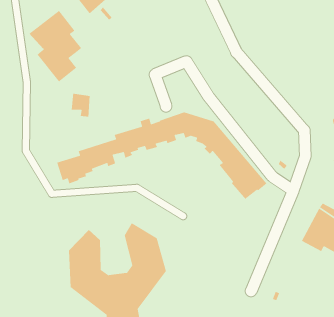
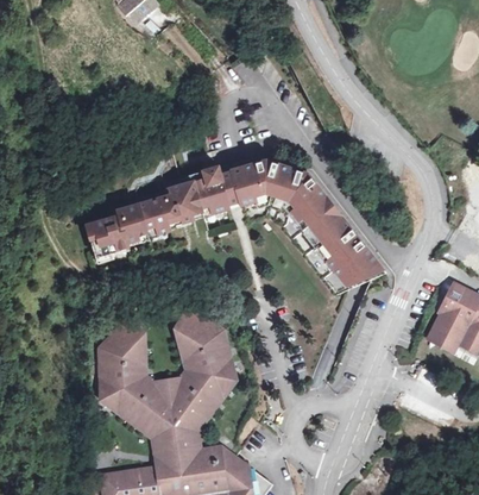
building: [28,10,82,83] -> none
building: [71,93,91,117] -> none

